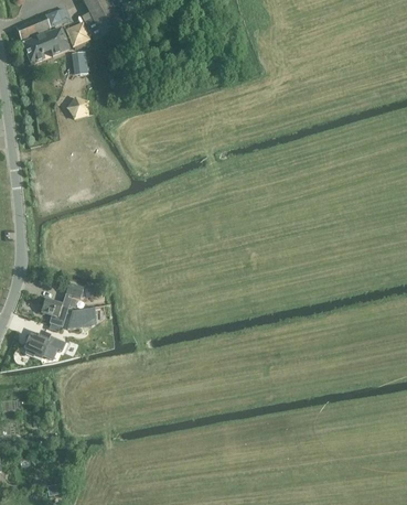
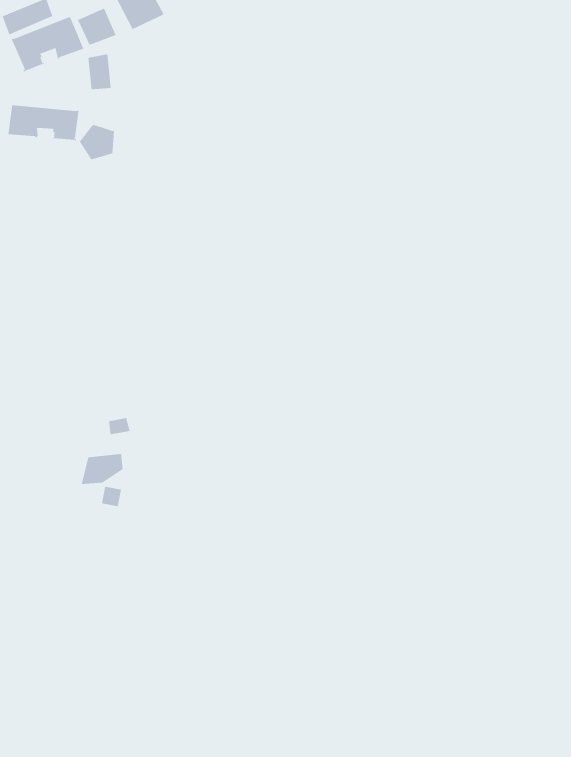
building: none -> [8,104,80,142]
building: [41,282,83,326] -> none
building: [24,331,65,358] -> none

